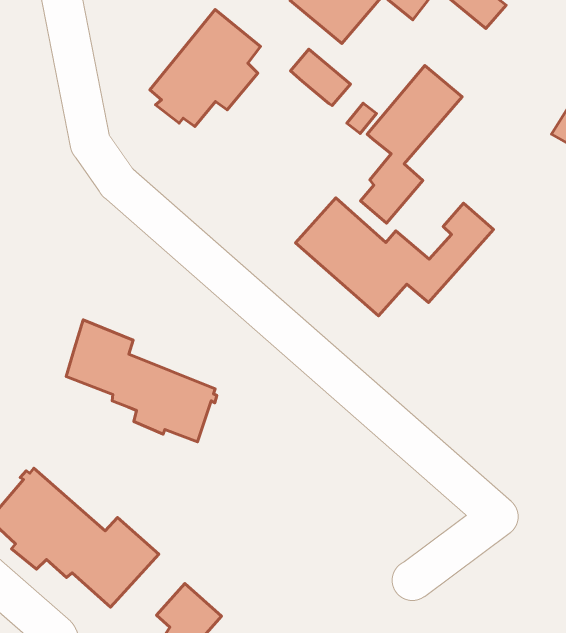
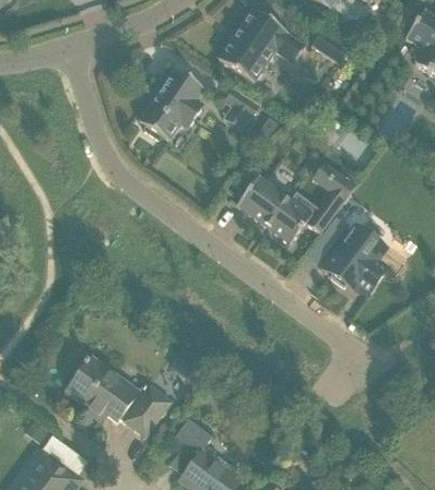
building: [361,66,462,223] -> none
building: none -> [324,225,387,294]
building: [66,320,217,442] -> none

